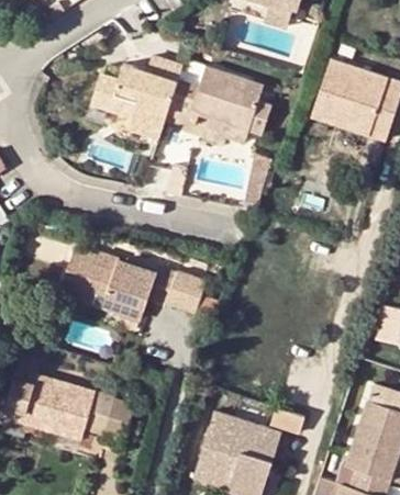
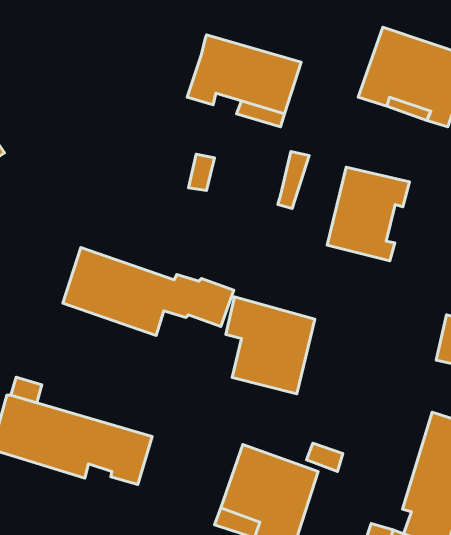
building: [91,59,181,138] -> none
building: none -> [327,167,410,261]
building: none -> [226,297,315,394]

